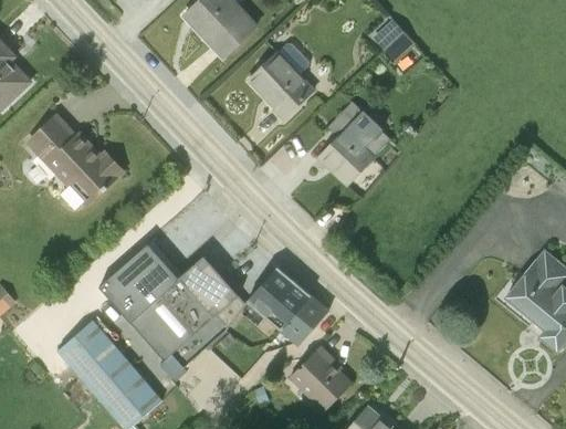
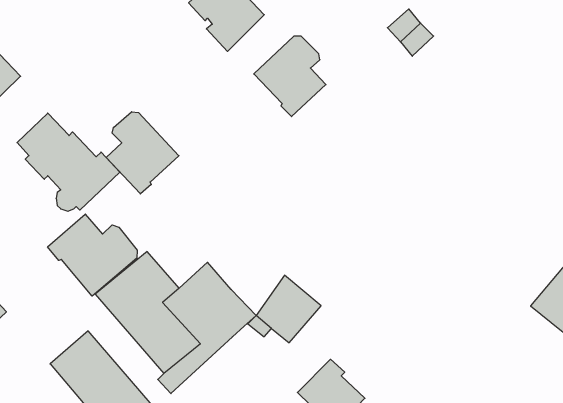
building: [318,102,389,184] -> none
building: none -> [106,112,179,194]
building: none -> [48,214,137,296]
building: [280,295,327,345] -> none

